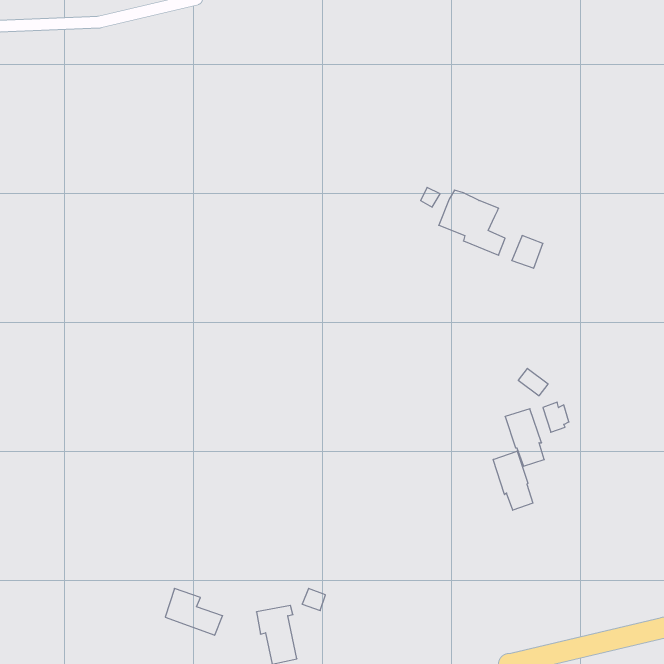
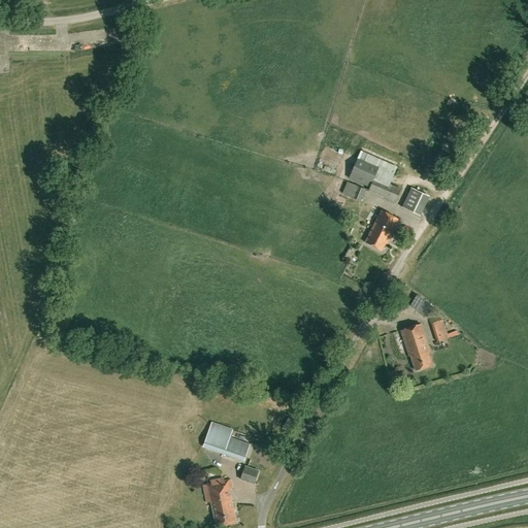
building: none -> [364,210,398,251]
building: [493,451,533,510] -> none
building: [165,588,223,635] -> [204,424,250,461]

